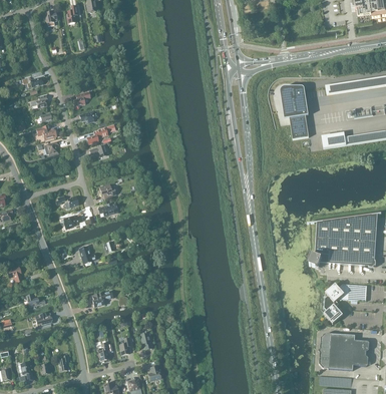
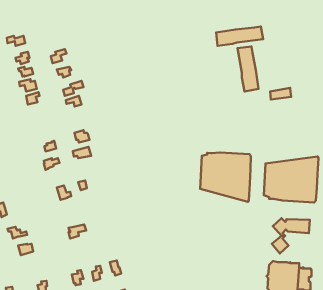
building: none -> [216,26,263,46]
building: none -> [200,152,251,202]

